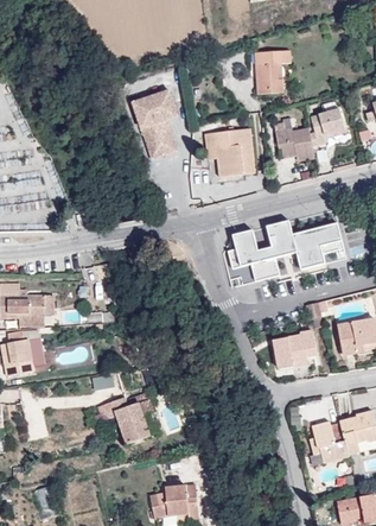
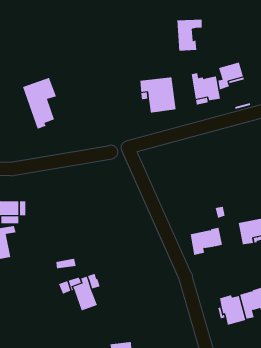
building: [132,89,178,159] -> [22,77,57,129]
building: [228,220,344,281] -> none

